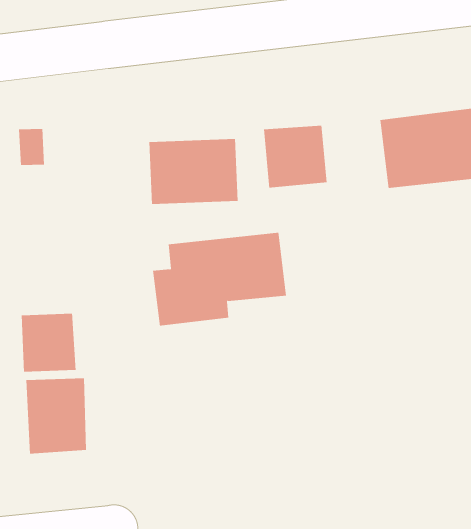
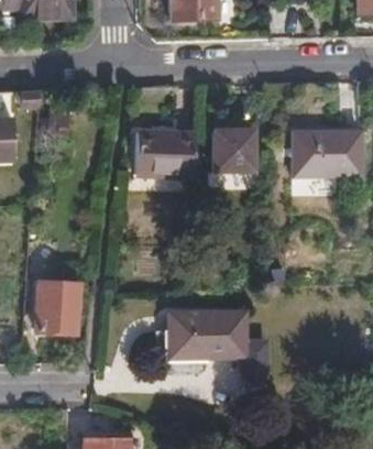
building: [152,232,287,326] -> [156,310,244,365]
building: [21,313,76,373] -> none

